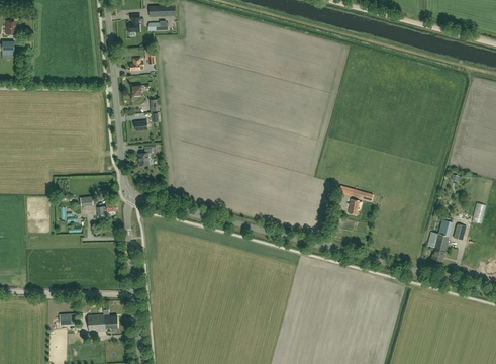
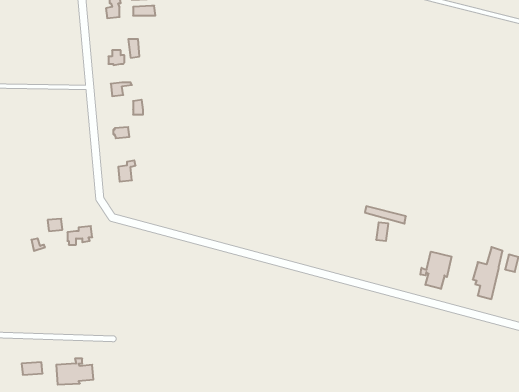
building: none -> [420,252,452,289]

